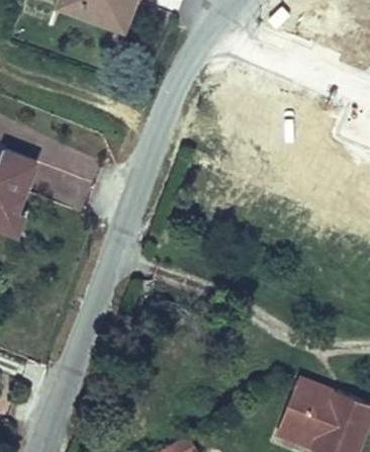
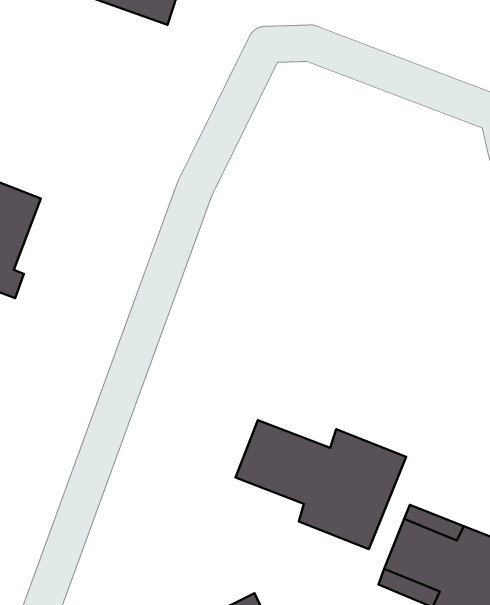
building: none -> [236,420,406,549]

